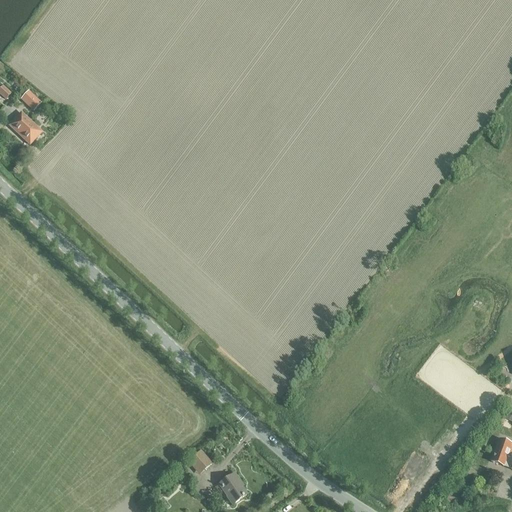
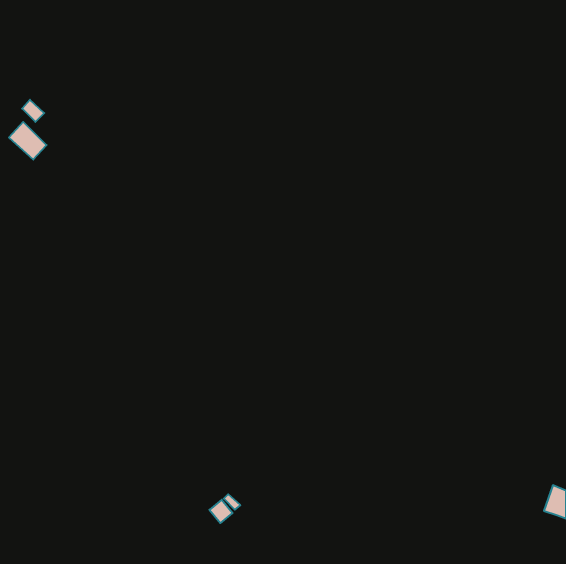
building: [219,473,246,503] -> none

